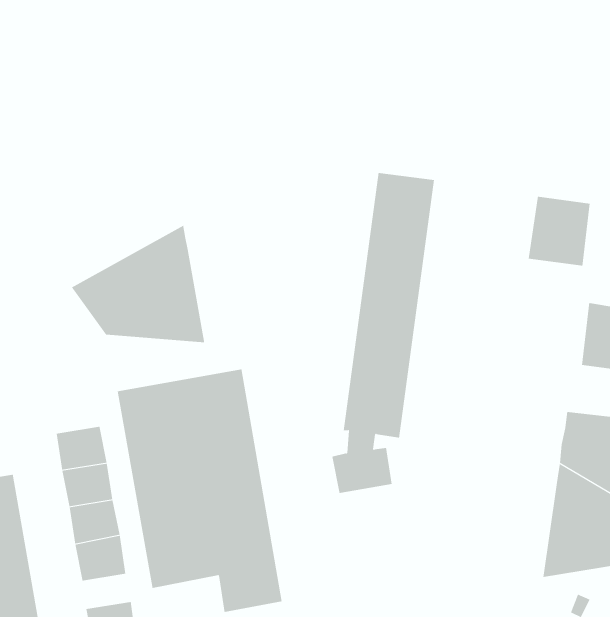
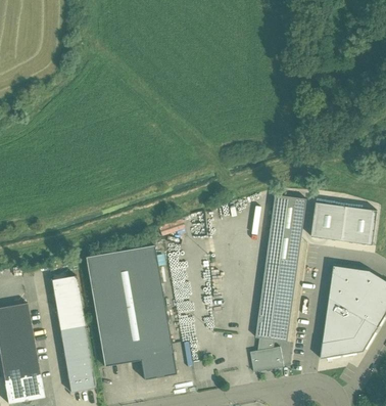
building: [332,173,435,493] -> [250,193,307,371]
building: [528,196,591,266] -> [311,202,346,241]
building: [71,225,205,343] -> none
building: none -> [65,357,93,376]

